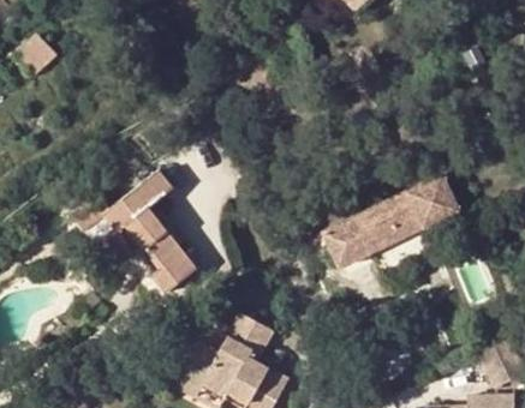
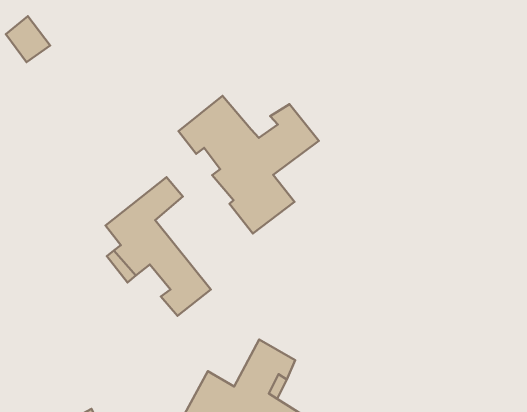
building: none -> [178,96,319,234]
building: [326,176,463,266] -> none

